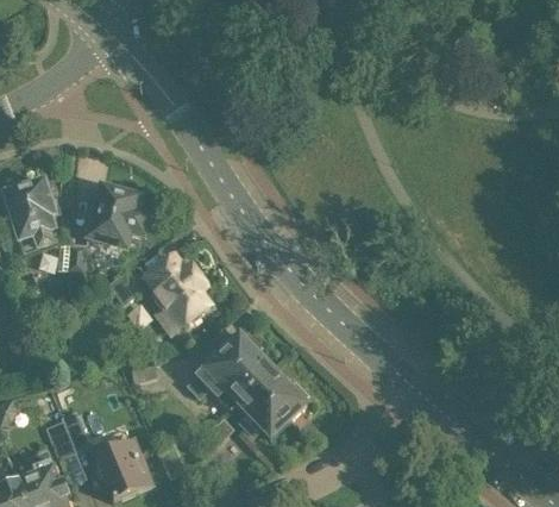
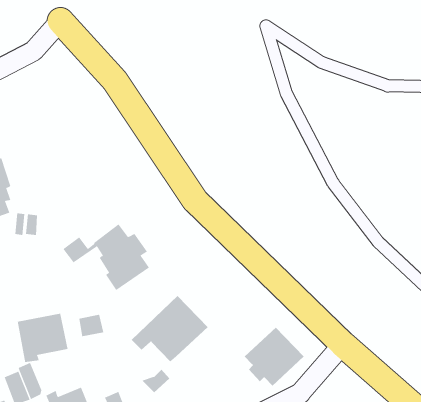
building: [87,184,150,248] -> none
building: none -> [17,313,68,363]
building: [238,370,306,437] -> [244,327,305,386]

